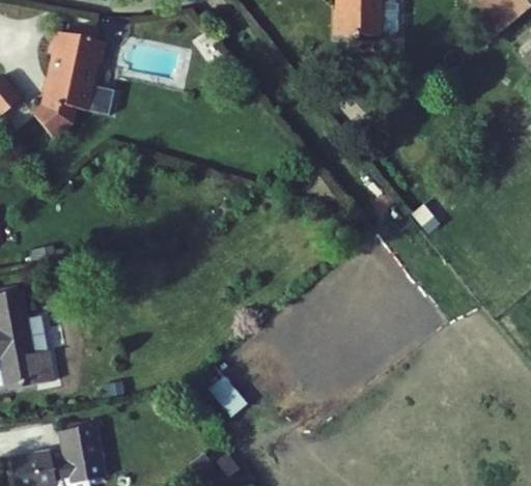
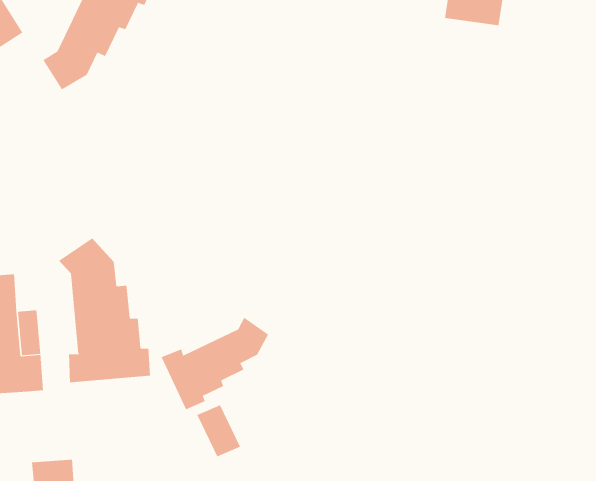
building: none -> [58,238,150,383]
building: none -> [161,317,269,410]

